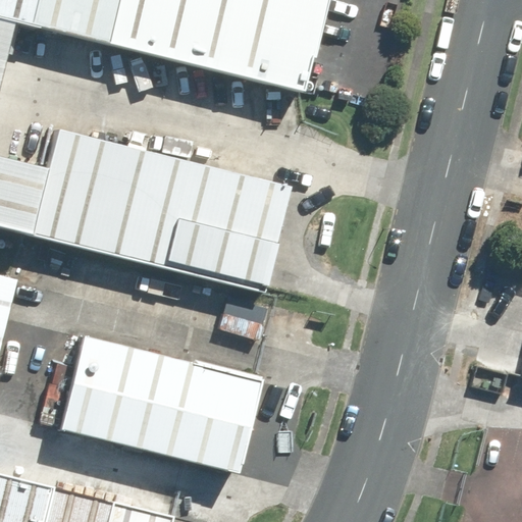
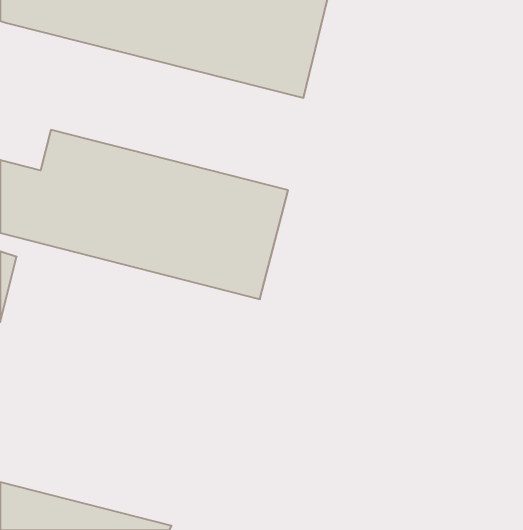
building: [58,332,260,474] -> none

